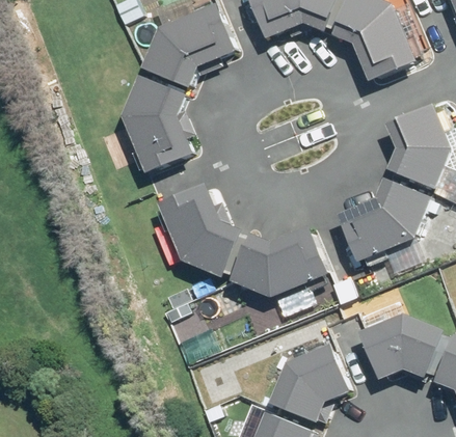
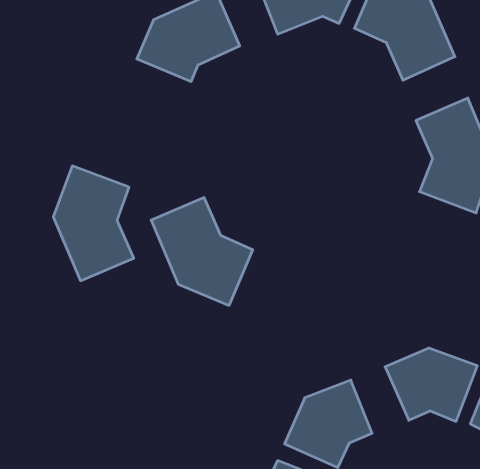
building: [120,72,191,172] -> [53,166,134,281]
building: [340,181,429,258] -> none
building: [226,225,326,297] -> none

